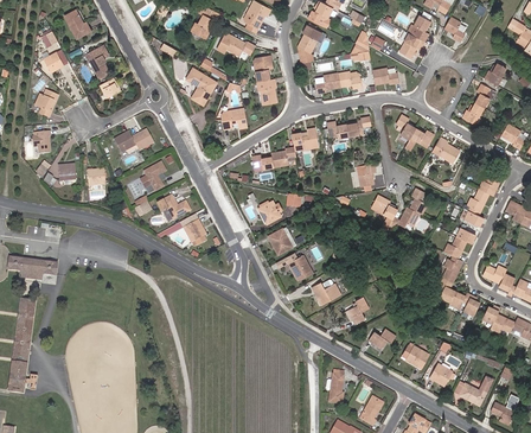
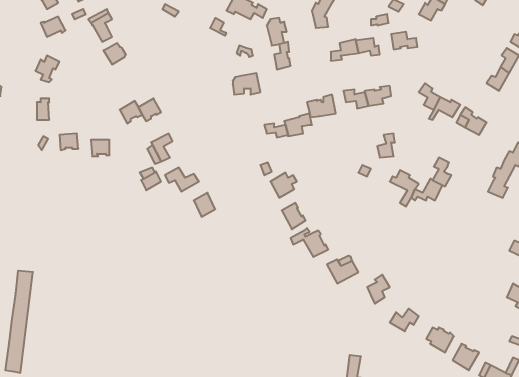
building: [185,68,216,103] -> none
building: [435,227,478,314] -> none
building: [7,256,58,279] -> none

